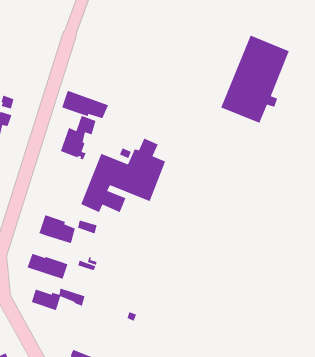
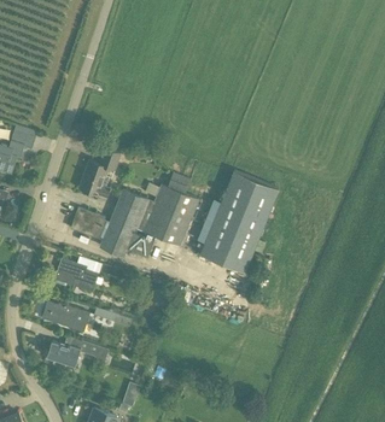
building: [220,35,290,124] -> [198,171,276,271]
building: [61,90,109,119] -> none
building: none -> [69,207,101,238]

